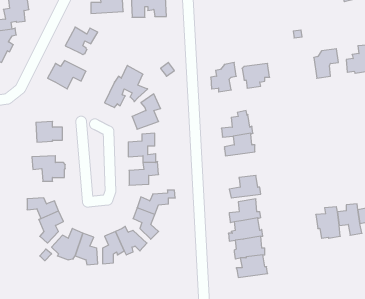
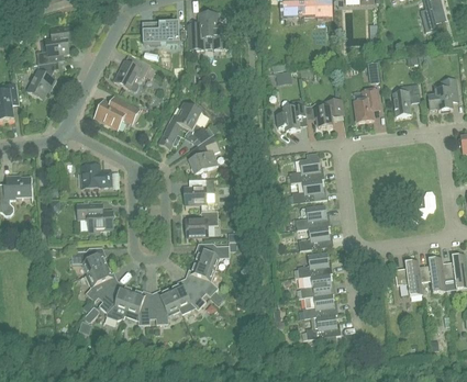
building: none -> [354,88,380,121]
building: none -> [296,203,331,228]

